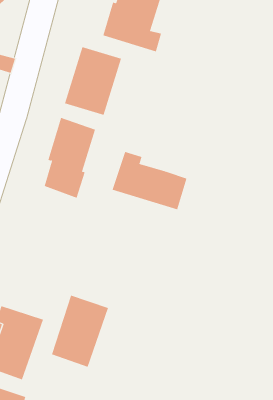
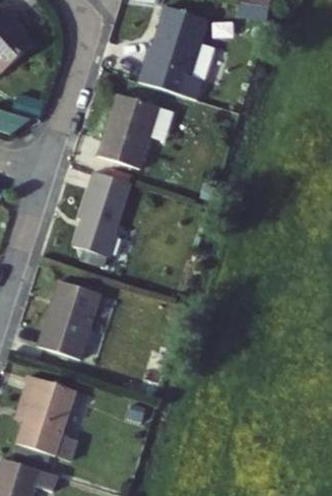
building: [112,151,187,210] -> none
building: [51,295,109,368] -> [38,280,101,359]

